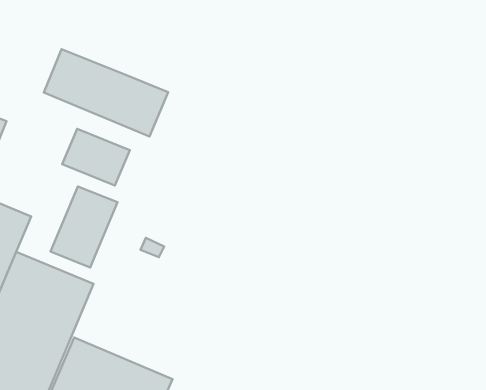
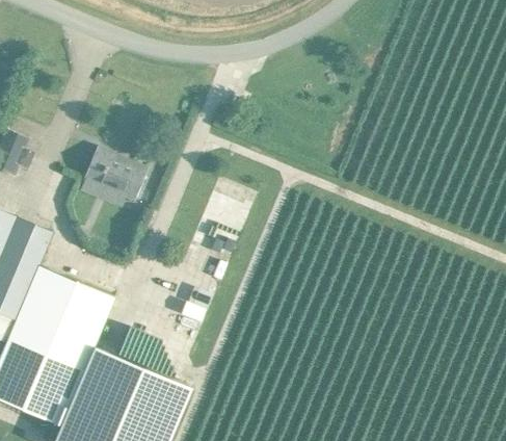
building: [44,49,168,136] -> none
building: [51,186,118,267] -> none

